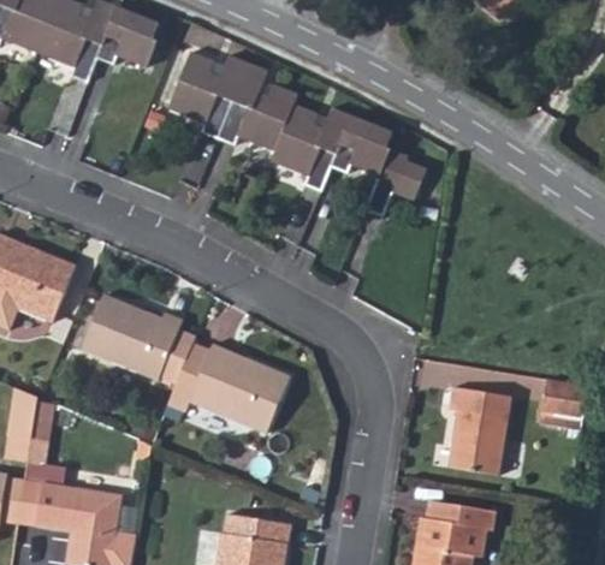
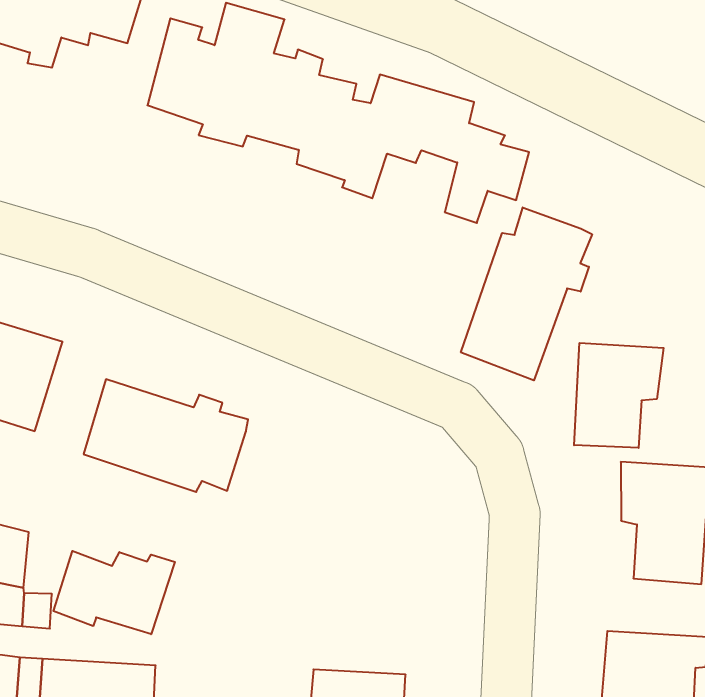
building: none -> [461,207,592,380]
building: none -> [574,343,664,448]
building: [170,340,291,432] -> none
building: none -> [53,551,175,634]

